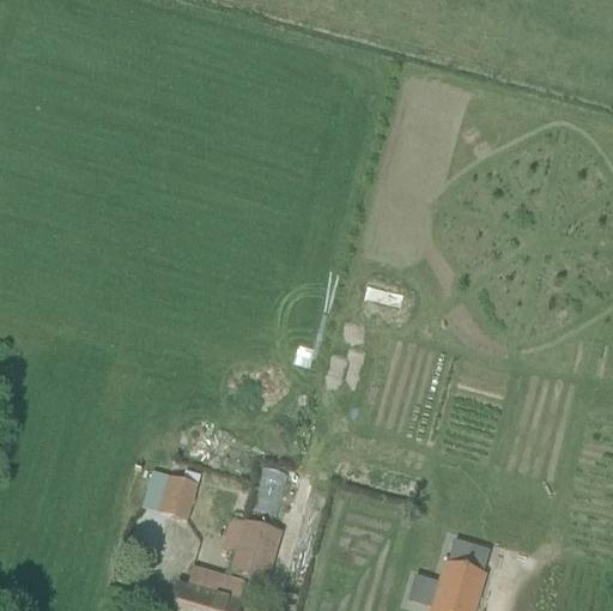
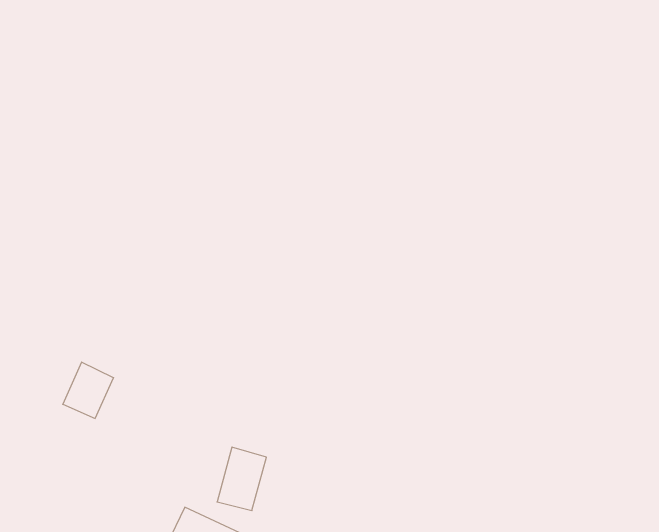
building: [160,476,198,519] -> [63,362,114,418]

